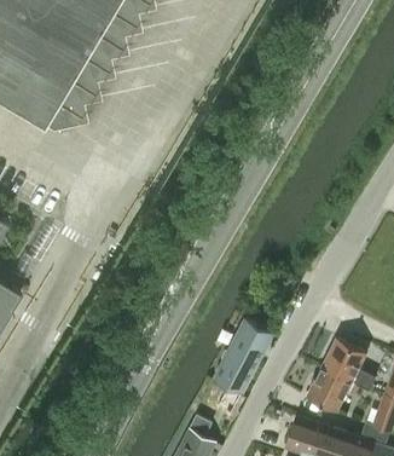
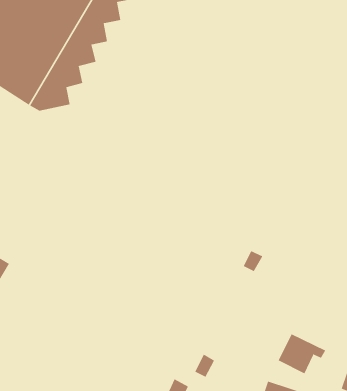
building: [214,321,272,396] -> none
building: [321,340,375,392] -> none

